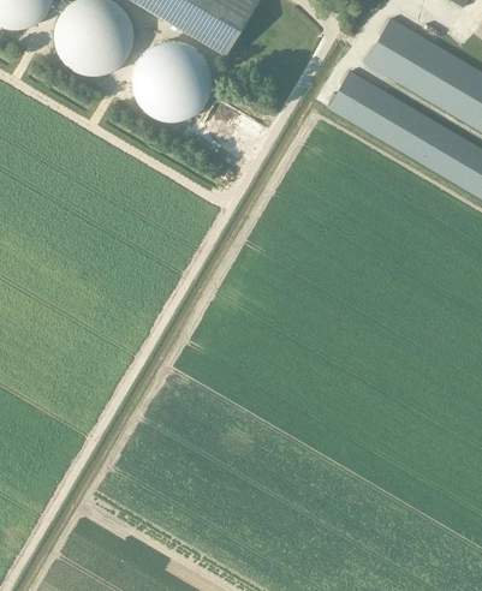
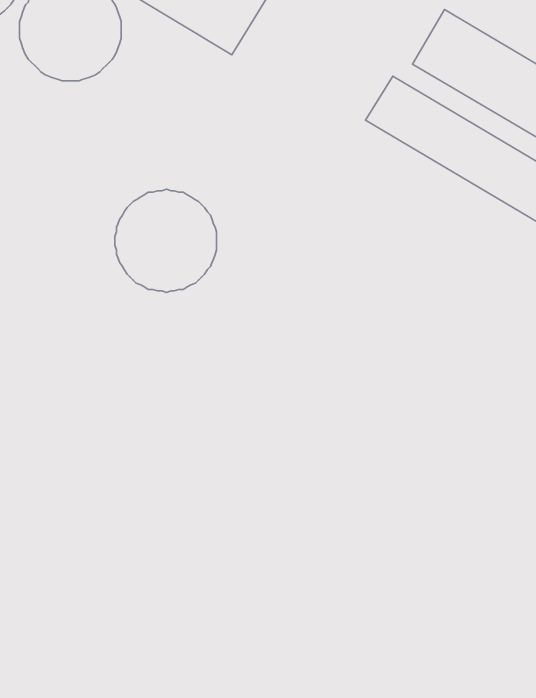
building: [132,41,213,123] -> [115,189,217,292]

